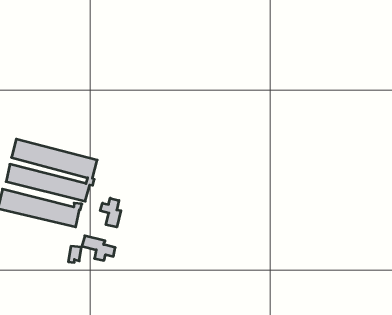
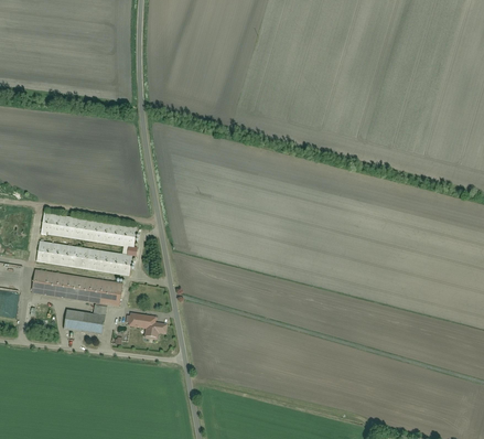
building: [100,198,121,227] -> none
building: none -> [65,306,106,332]

